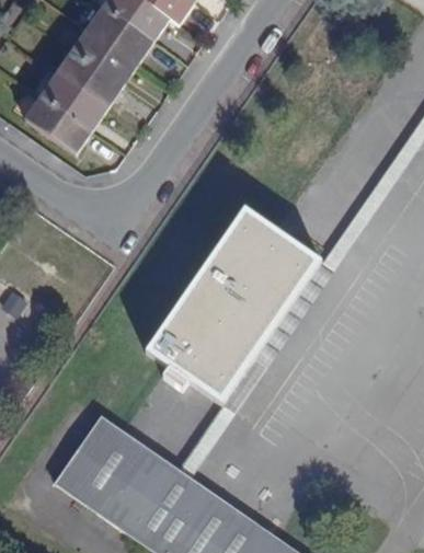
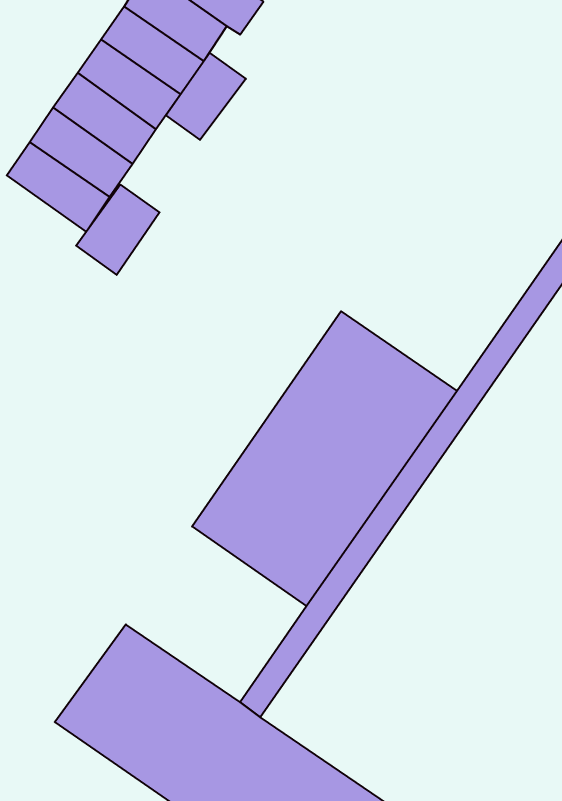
building: none -> [166,53,246,140]
building: none -> [76,185,160,275]

